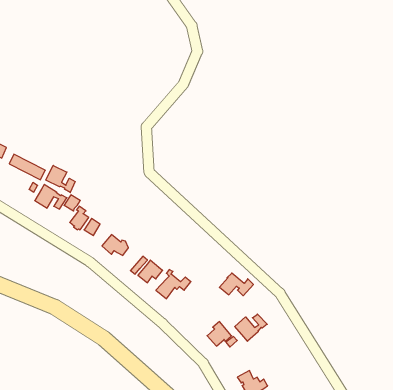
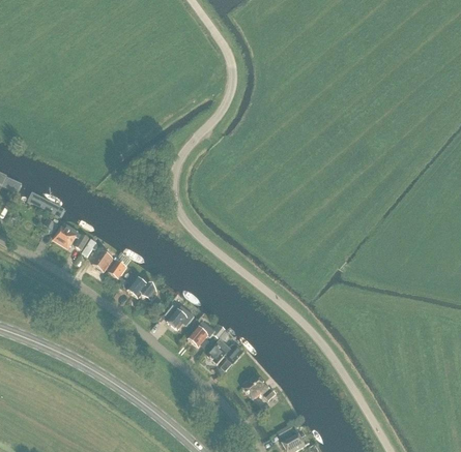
building: [46,165,75,193] -> none
building: [219,273,253,296] -> [205,340,242,365]
building: [235,314,267,341] -> none

